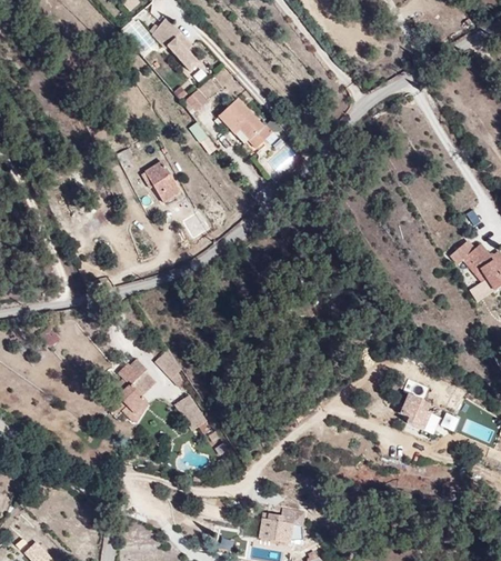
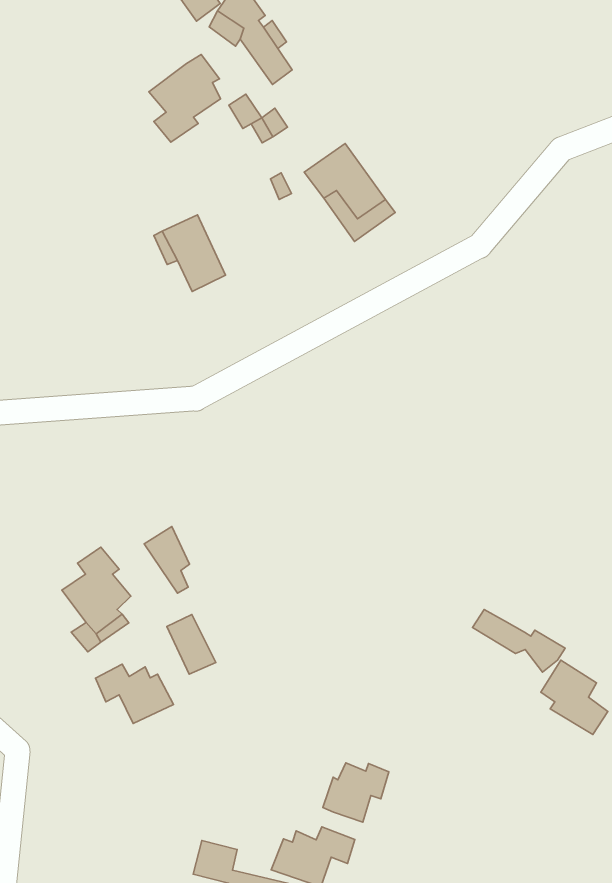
building: none -> [149,54,221,142]
building: none -> [473,609,565,672]
building: none -> [95,664,173,724]
building: none -> [323,763,389,822]

